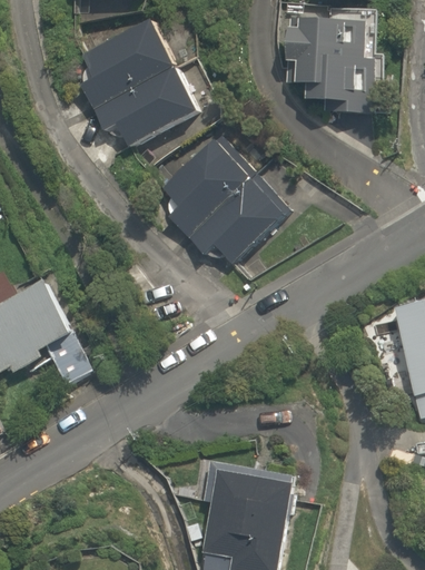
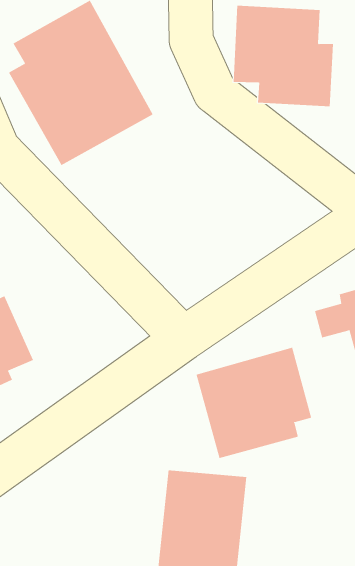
building: [164,134,294,276] -> none
building: none -> [196,347,312,459]

